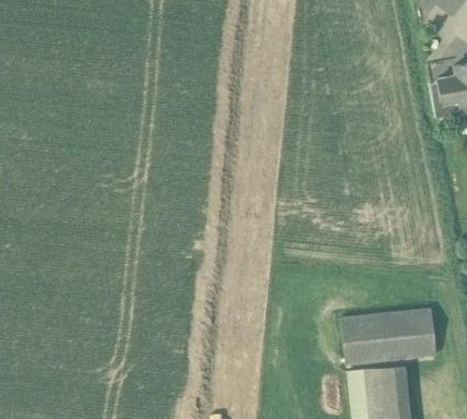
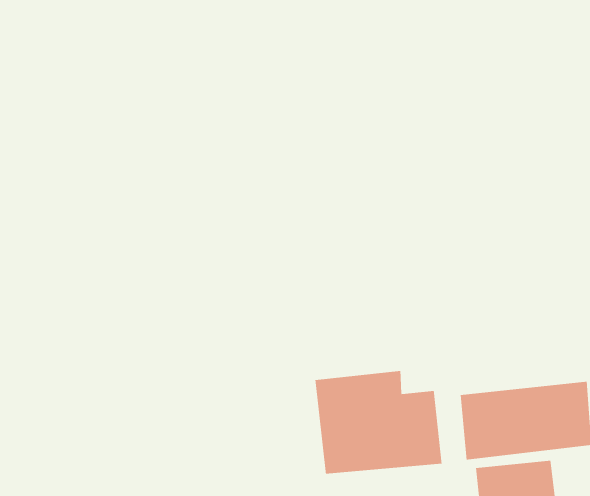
building: none -> [315,370,442,474]

